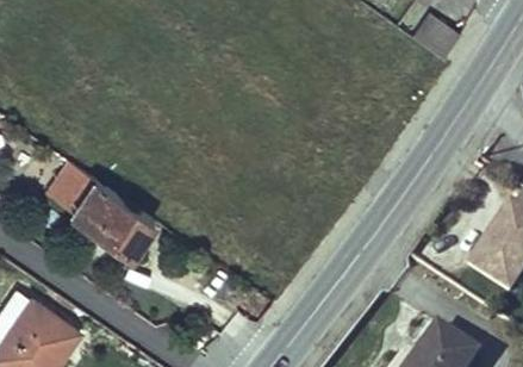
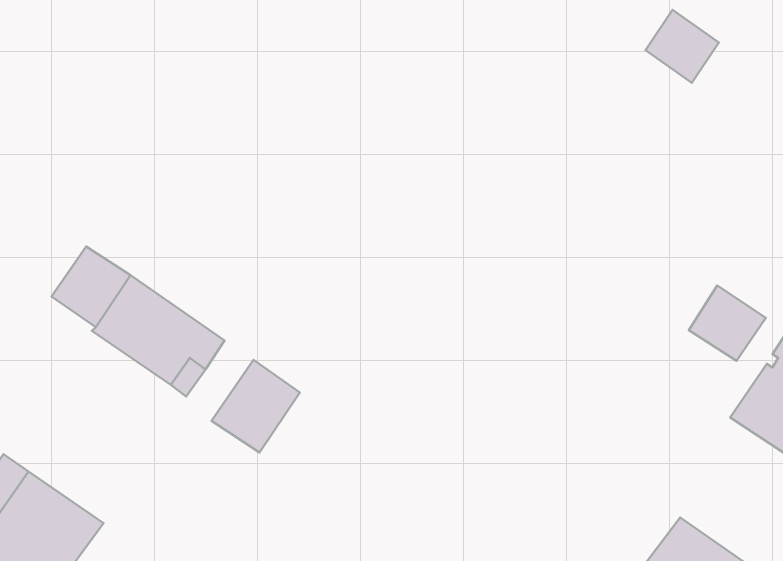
building: none -> [689,285,766,361]
building: none -> [211,360,300,453]

